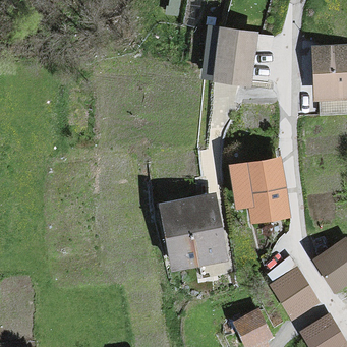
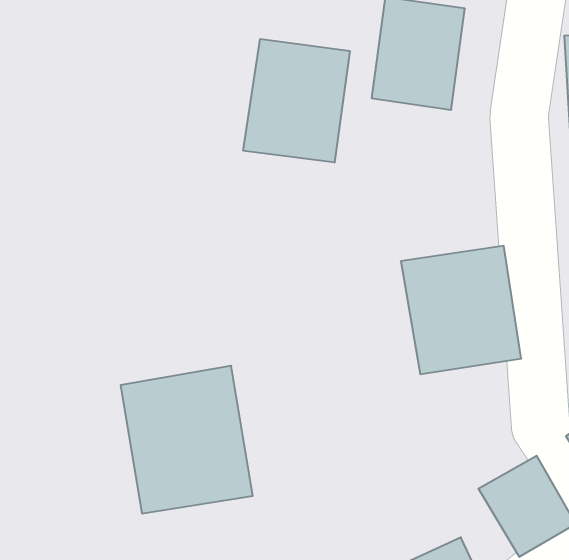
building: none -> [243,39,350,163]
building: [159,191,228,269] -> [121,366,253,513]

